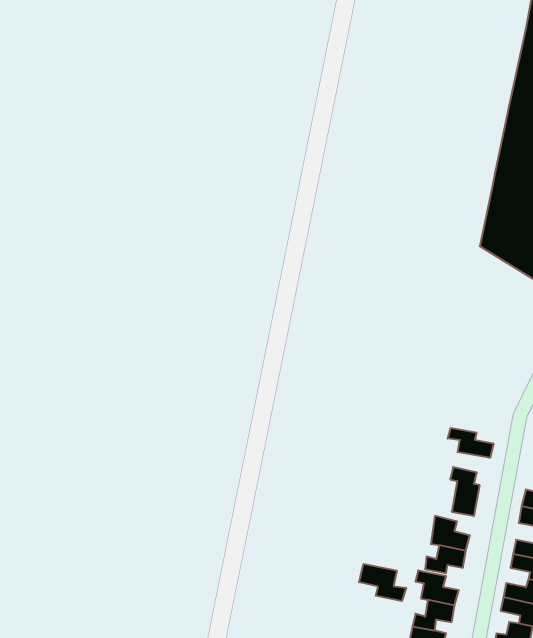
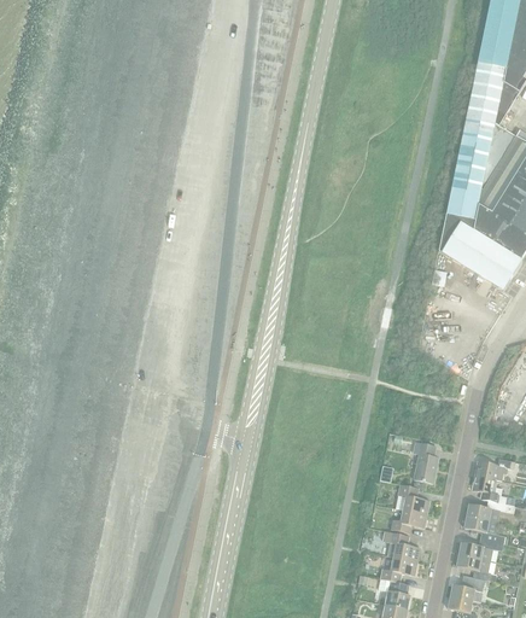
building: [448,428,493,458] -> none
building: [359,564,406,601] -> none

